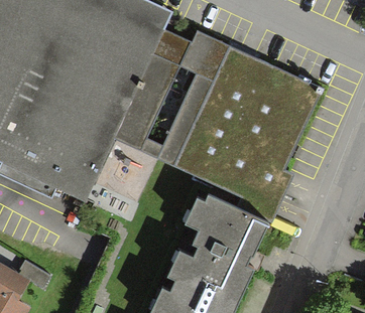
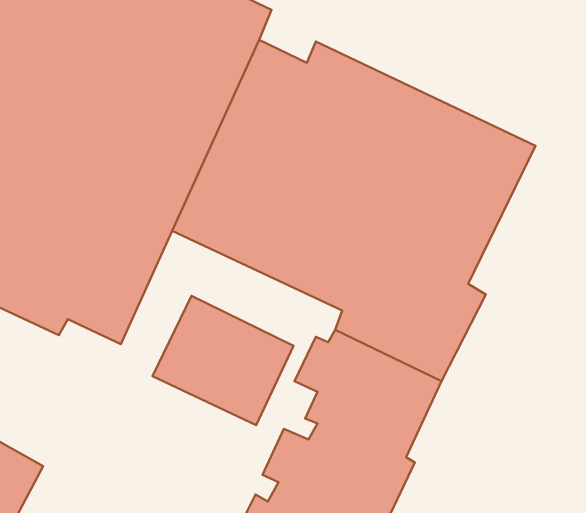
building: none -> [153,296,294,425]

